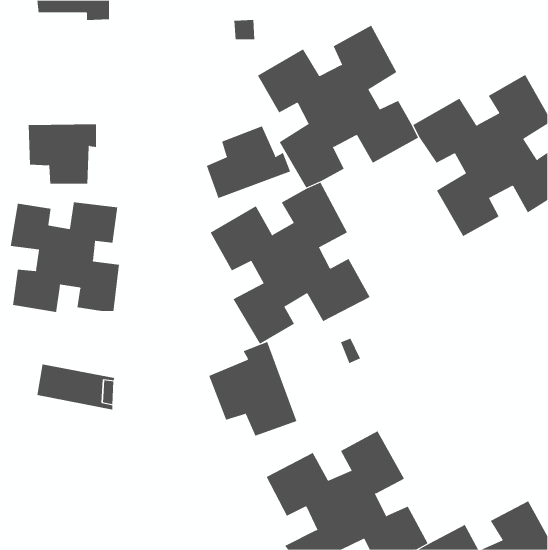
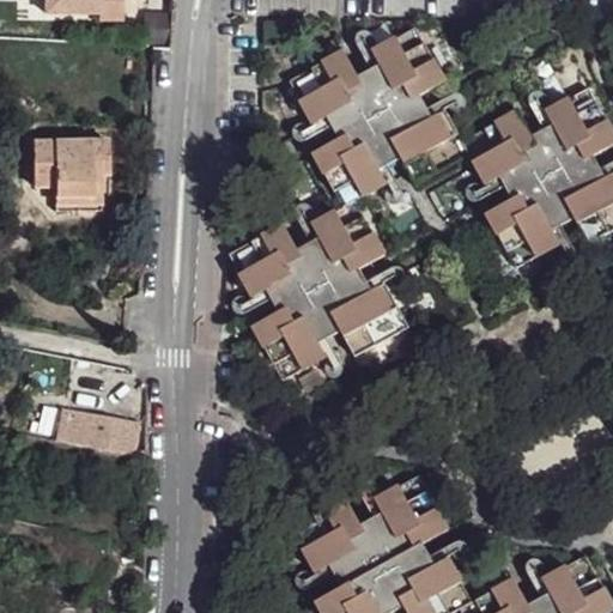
building: [206,125,291,199] -> none
building: [10,202,120,313] -> none
building: [209,341,297,436] -> none

